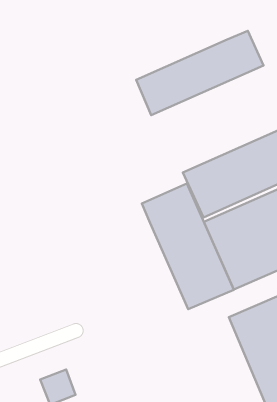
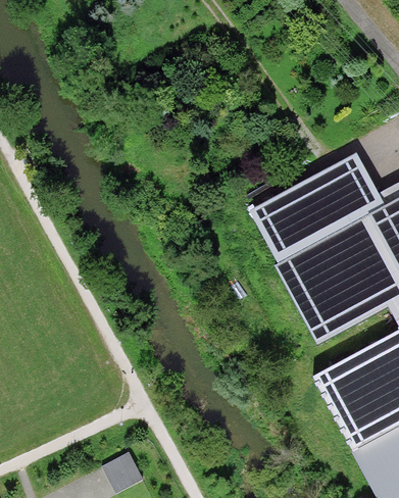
building: [136,31,263,115] -> none
building: [142,183,234,309] -> none

